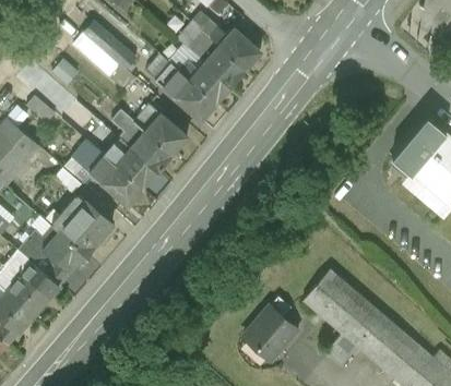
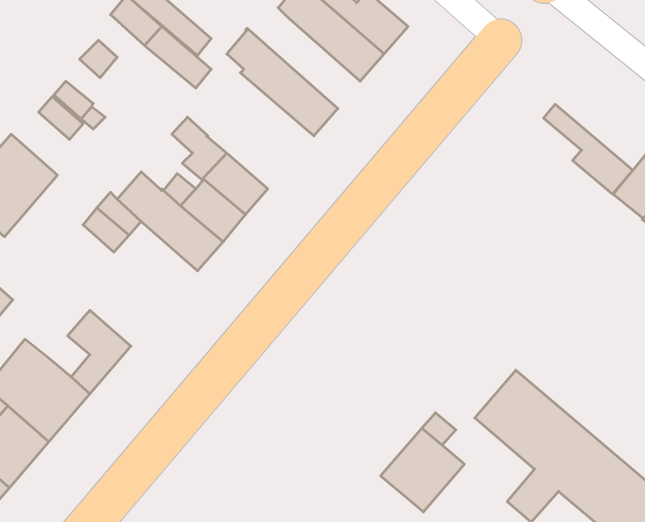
building: [169,45,232,104] -> none
building: none -> [544,104,633,194]
building: [133,109,189,155] -> none
building: [51,195,112,256] -> none
building: [22,239,59,275] -> none

